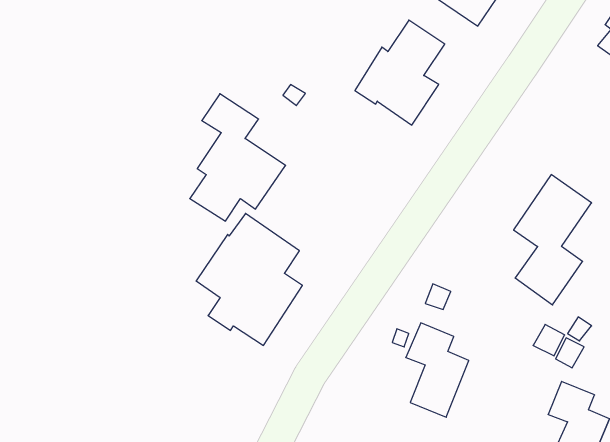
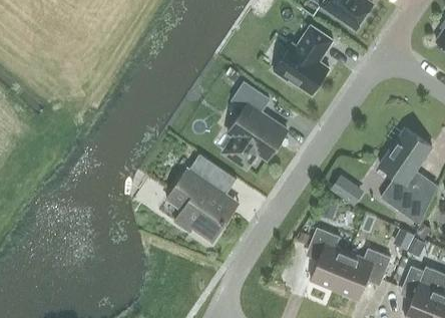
building: [190,94,286,221] -> [222,83,287,169]
building: none -> [331,174,365,205]
building: none -> [334,249,390,300]

